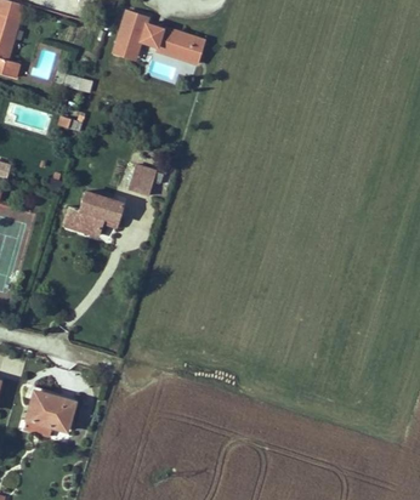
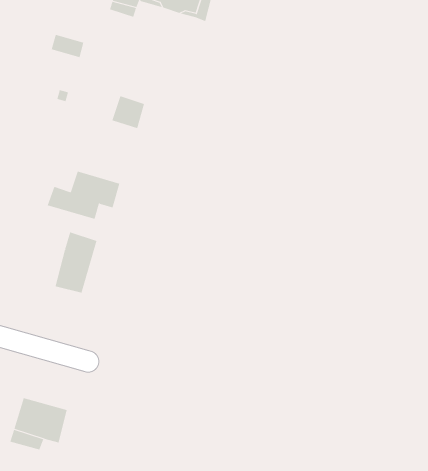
building: [130,164,159,193] -> [112,96,145,129]
building: none -> [55,231,97,294]

